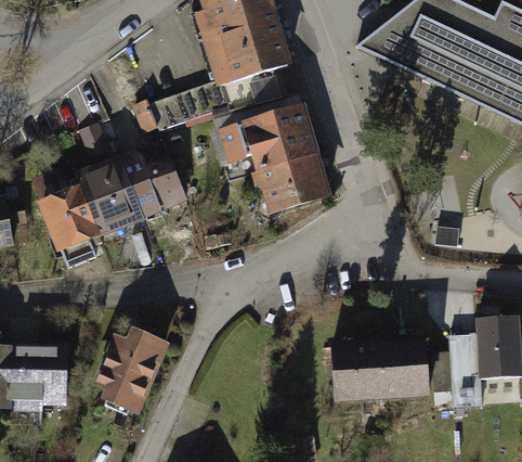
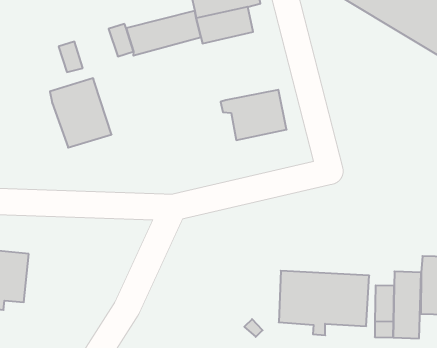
building: [221,107,313,169] -> none
building: [120,141,183,215] -> none
building: [41,187,100,265] -> none
building: [94,336,158,409] -> none

